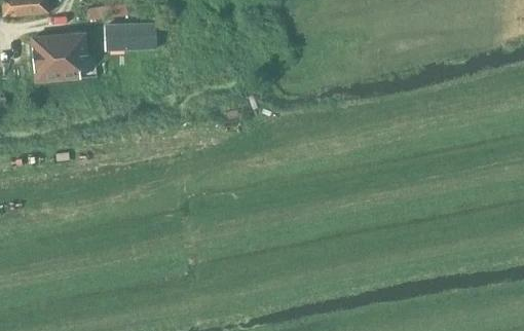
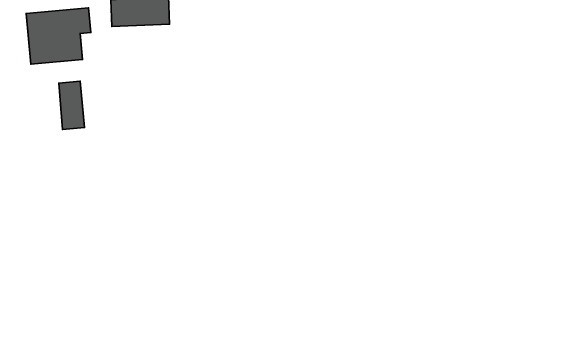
building: none -> [59,81,85,129]

